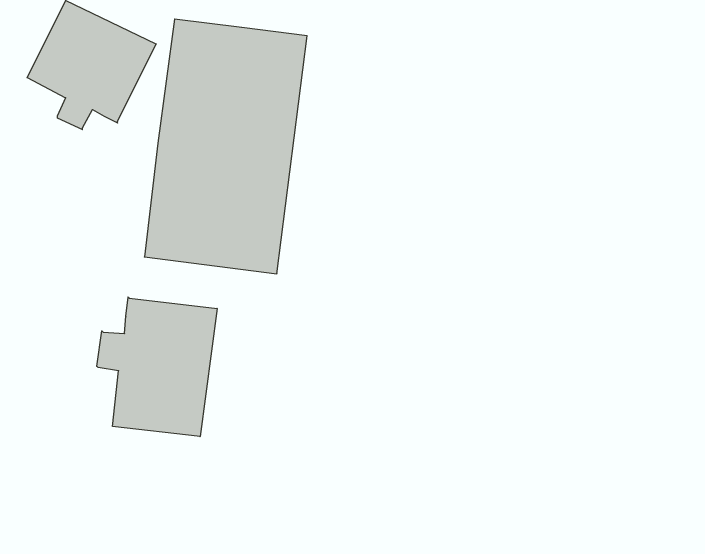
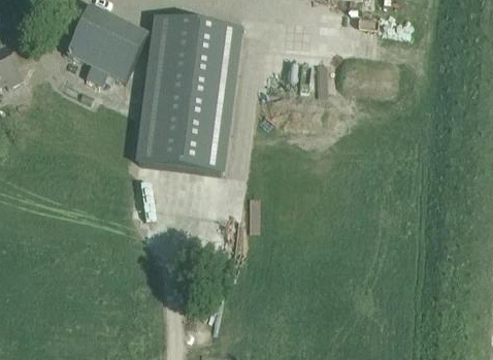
building: [97,297,217,437] -> none

